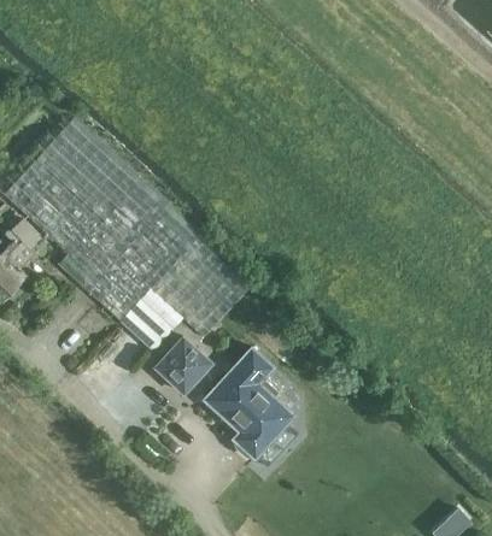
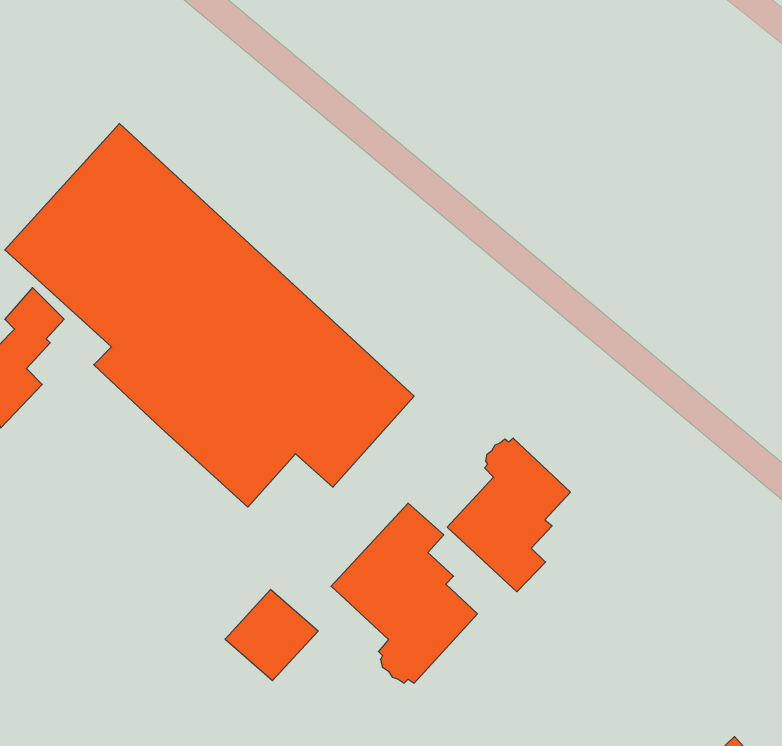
building: none -> [447,438,570,592]
building: [156,337,212,393] -> [225,590,318,681]

